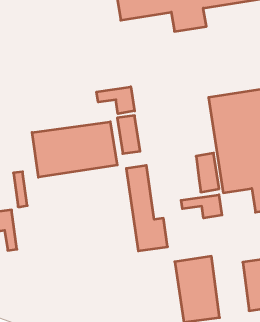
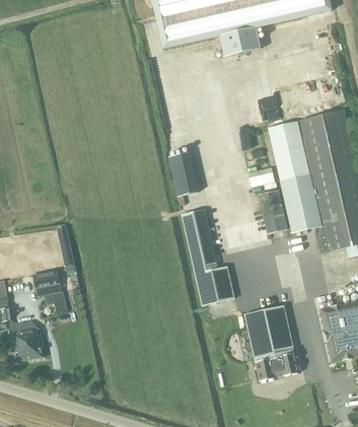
building: [97,87,135,114] -> none
building: [32,122,117,177] -> none
building: [181,195,222,218] -> none

